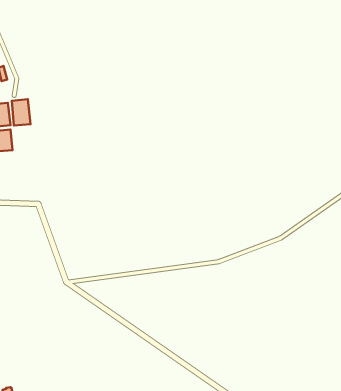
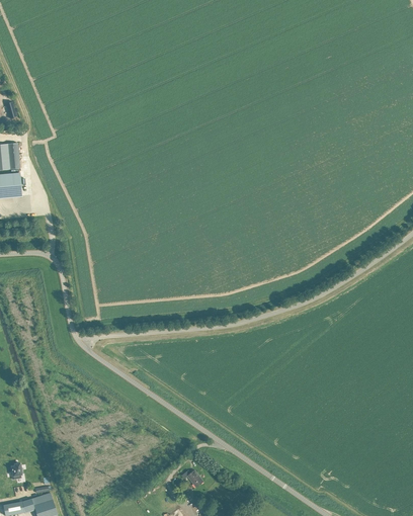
building: [12,99,31,126] -> none

